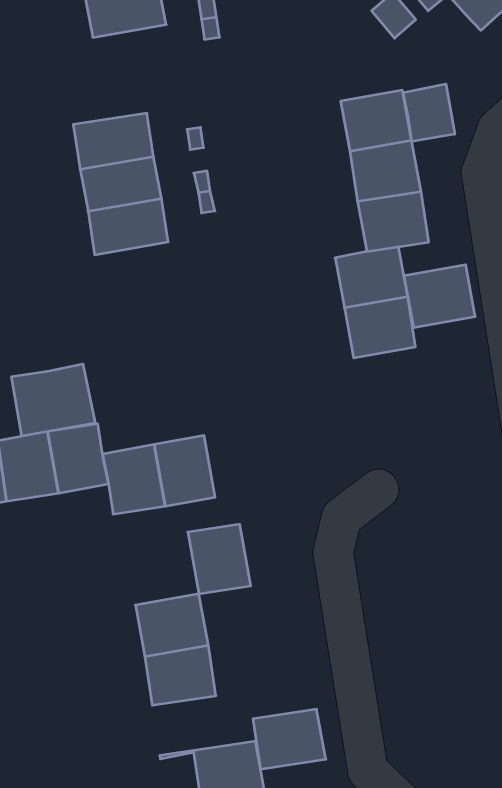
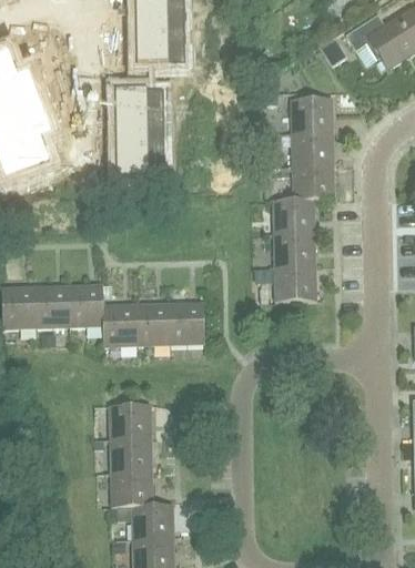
building: none -> [136,32,185,62]
building: [403,84,455,142] -> none
building: [404,265,475,327] -> [274,265,316,301]
building: [12,364,95,436] -> none
building: [188,524,251,594] -> [170,302,205,343]
building: [253,709,326,769] -> [110,471,153,505]

